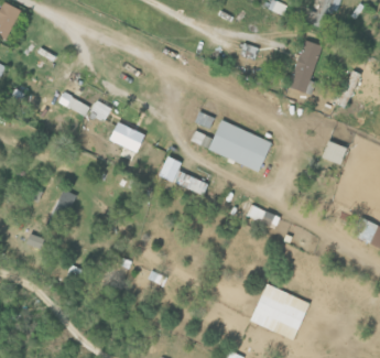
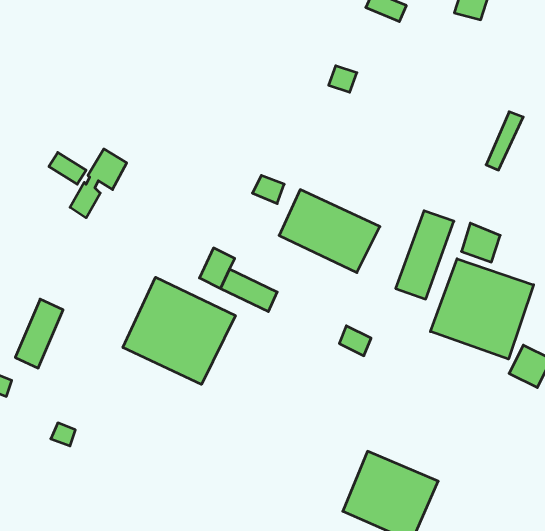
building: [287,40,324,95] -> [396,211,454,299]
building: [110,122,146,152] -> none
building: none -> [430,259,534,359]
building: none -> [123,277,235,384]

